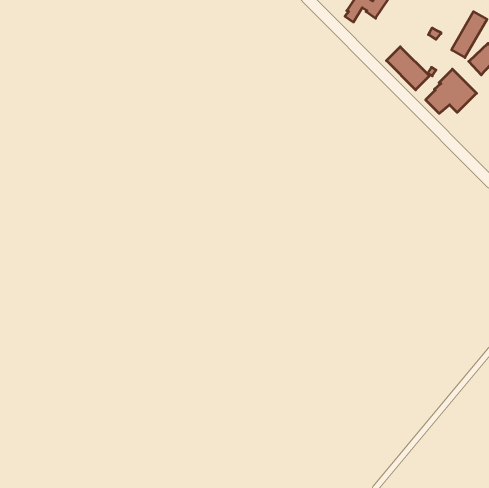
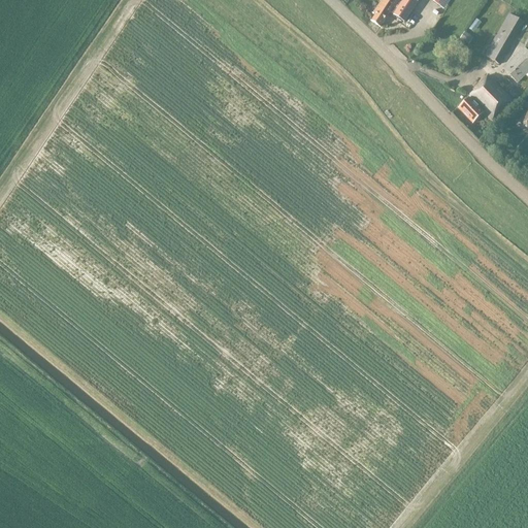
building: [386,47,429,90] -> none

